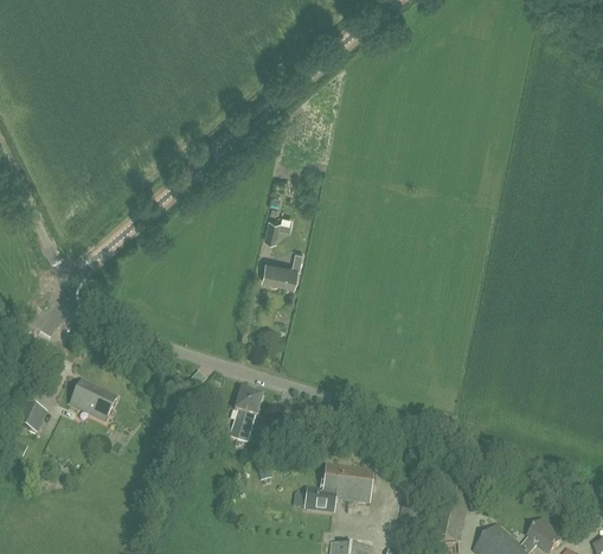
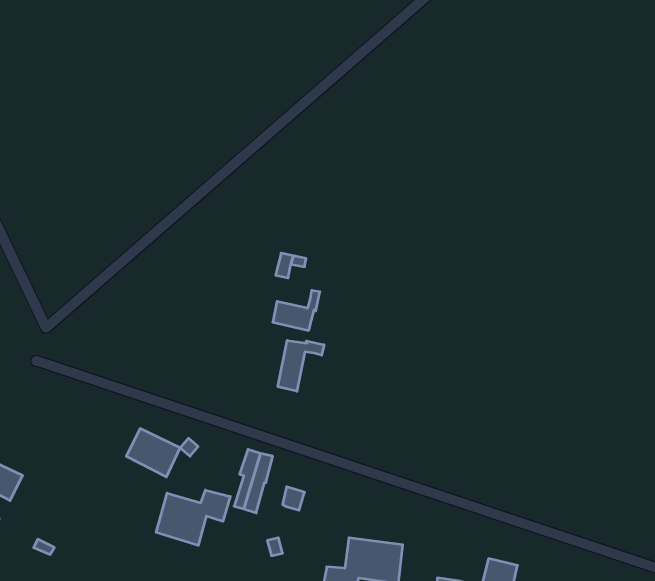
building: none -> [278,340,324,391]
building: [70,380,116,421] -> [126,429,180,477]
building: none -> [156,490,230,545]

